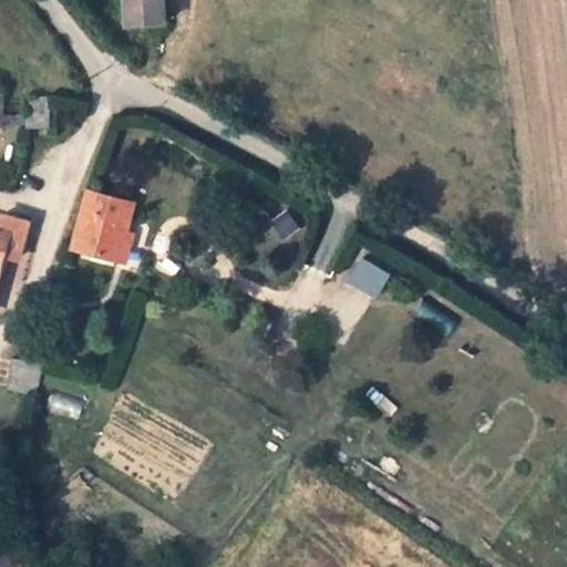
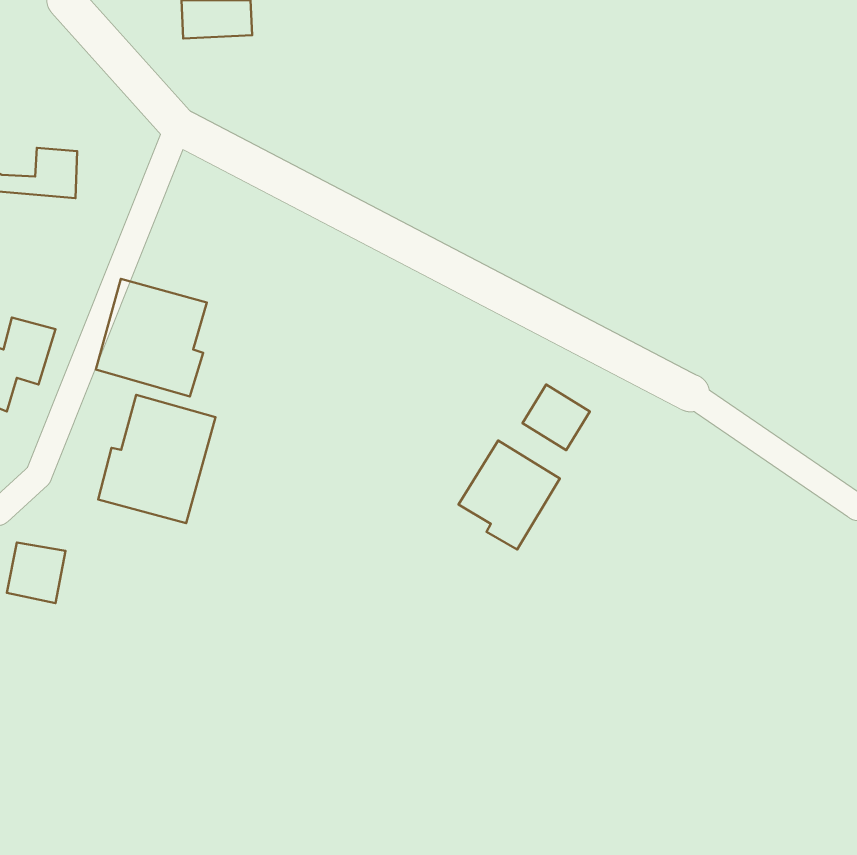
building: none -> [98,395,216,523]
building: none -> [459,441,560,549]

